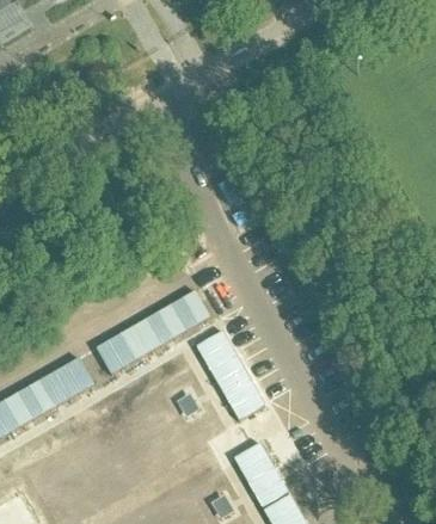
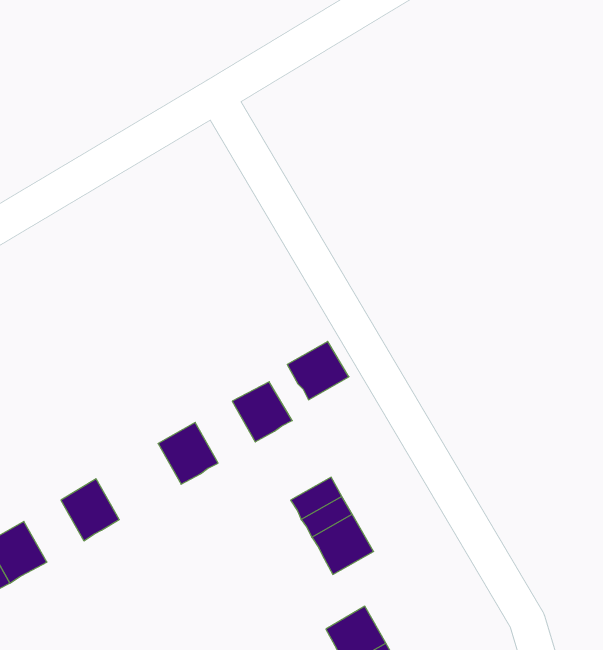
building: [146,303,186,345] -> none
building: [196,331,238,370] -> [287,341,349,400]
building: [96,332,136,374] -> none
building: [30,370,70,412] -> none

